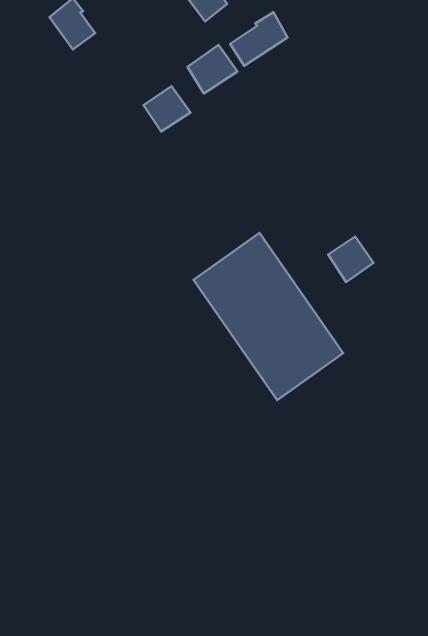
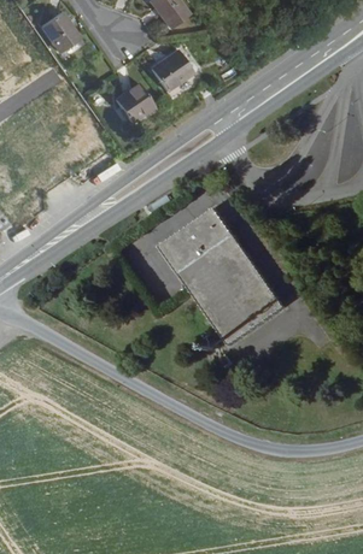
building: [230,12,287,66] -> none
building: [328,236,373,282] -> none

